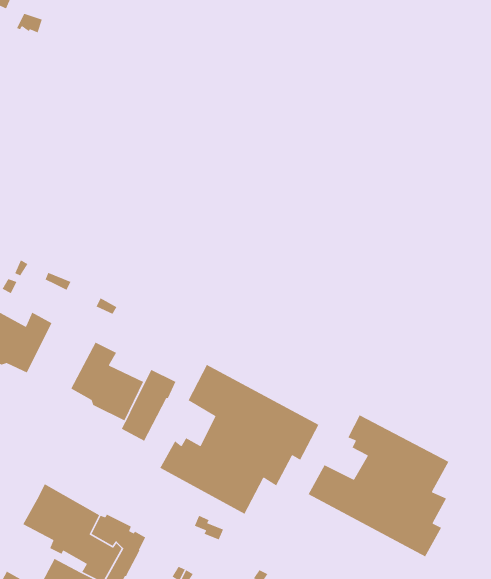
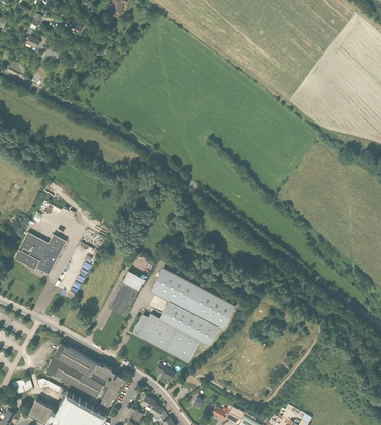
building: [70,342,144,421] -> none
building: [307,414,449,558] -> none

